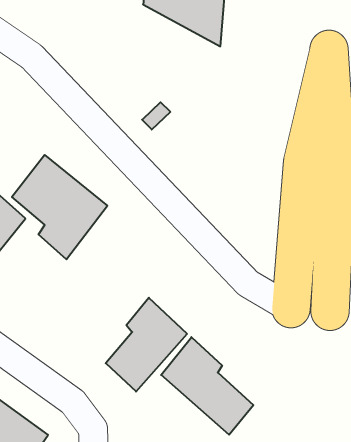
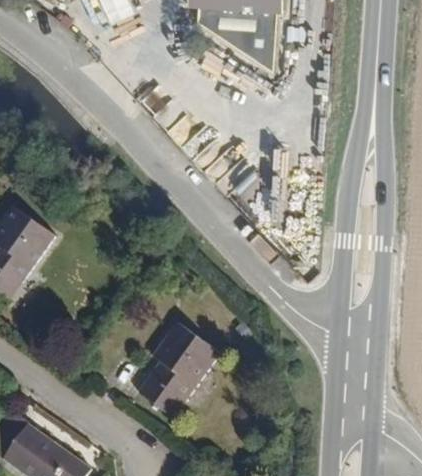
building: [12,155,107,259] -> none
building: [161,337,253,435] -> none

